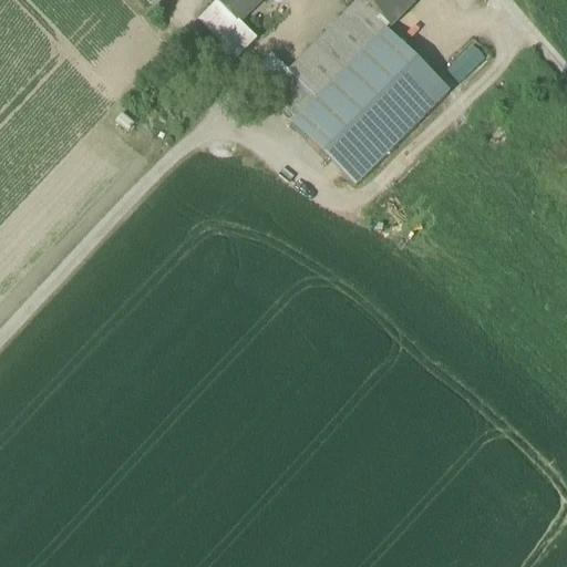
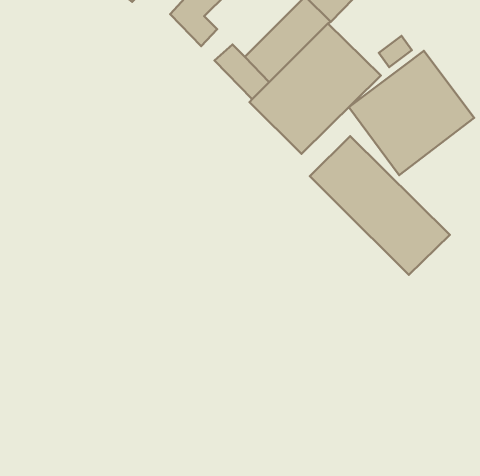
building: none -> [349,51,474,175]
building: none -> [310,136,450,275]

